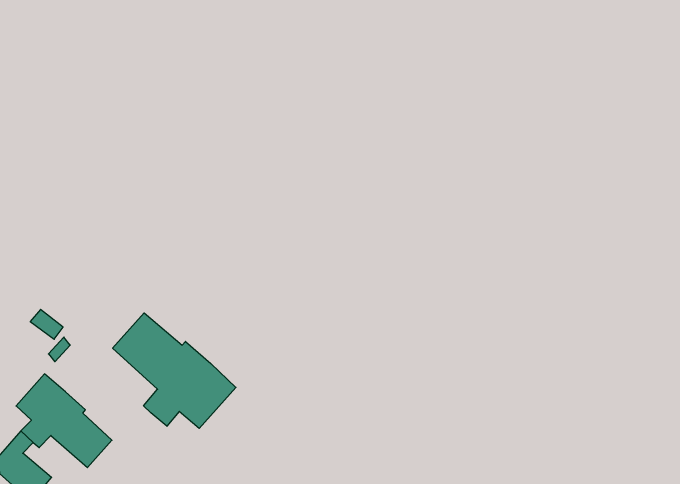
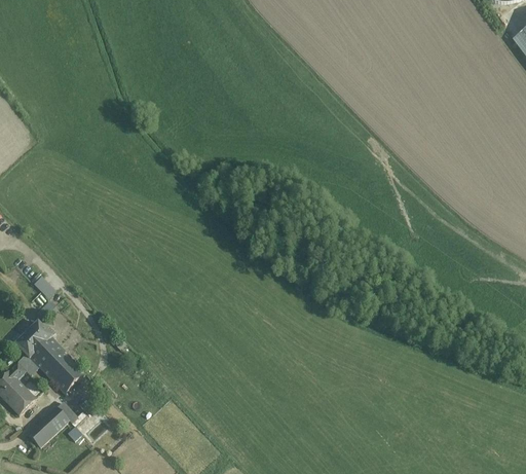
building: [113,313,236,428] -> none

